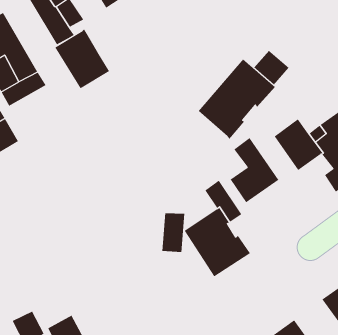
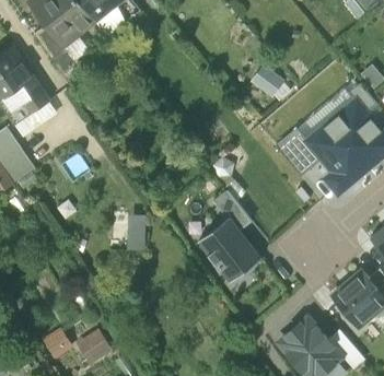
building: [55,28,110,89] -> none
building: [198,58,276,139] -> none
building: [230,137,279,203] -> none
building: [161,213,185,253] -> [126,214,146,251]

